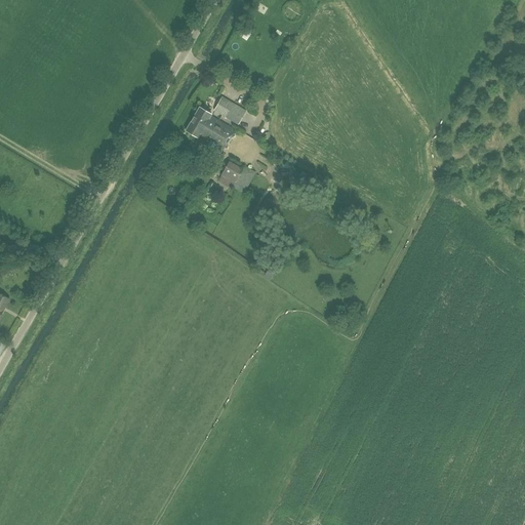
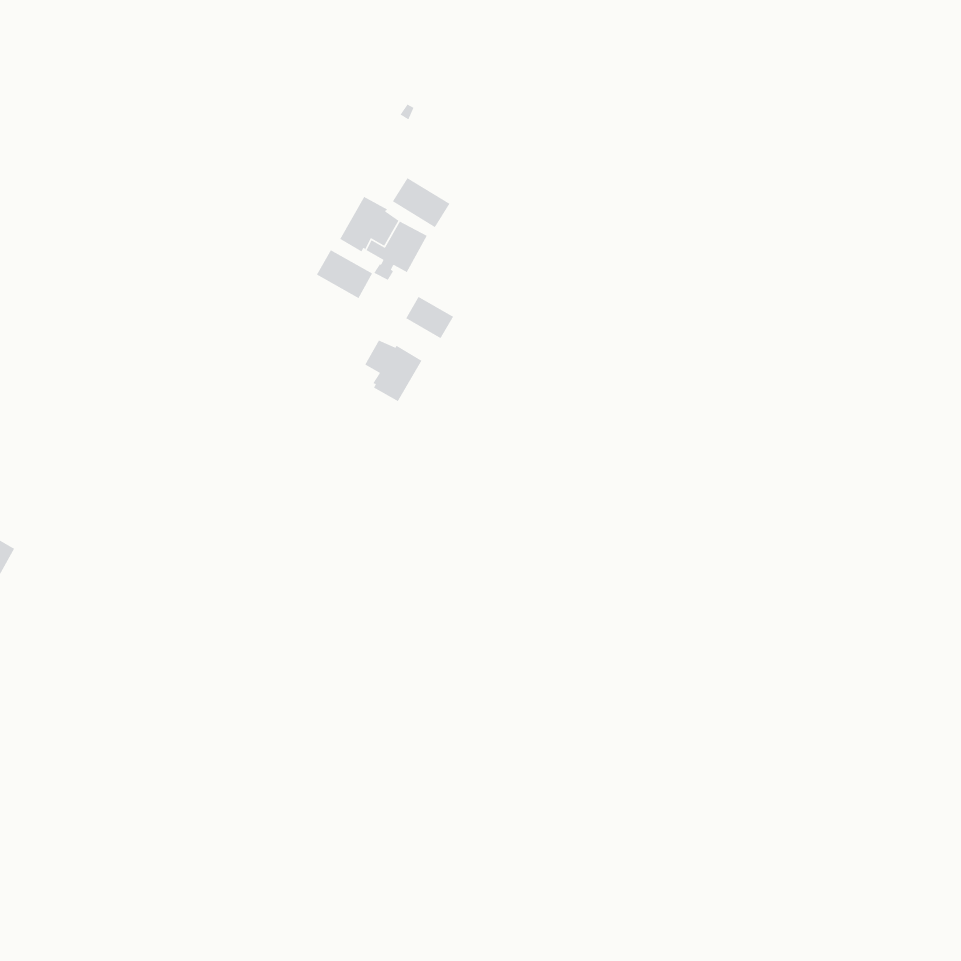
building: none -> [316,249,373,299]
building: none -> [364,339,422,402]

